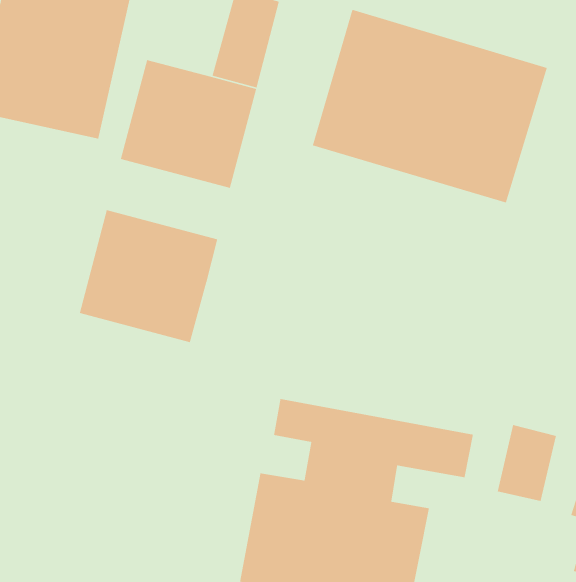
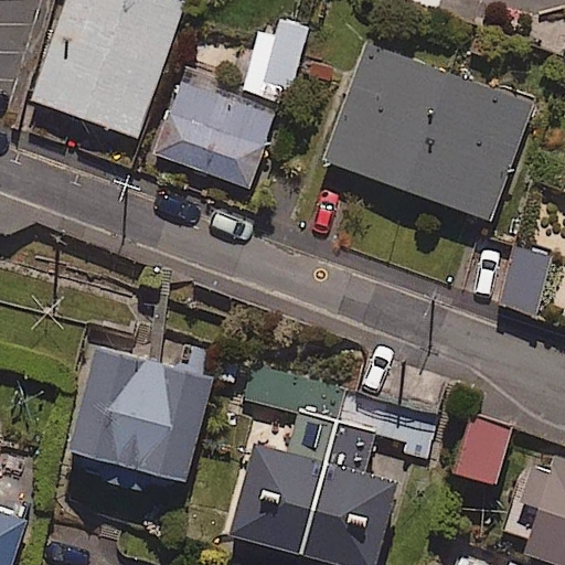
building: [79,209,218,343] -> none
building: none -> [65,338,215,494]

